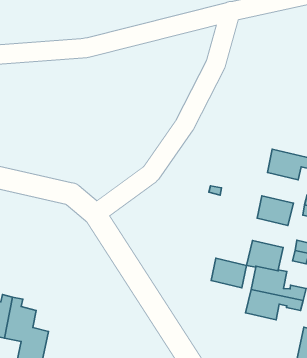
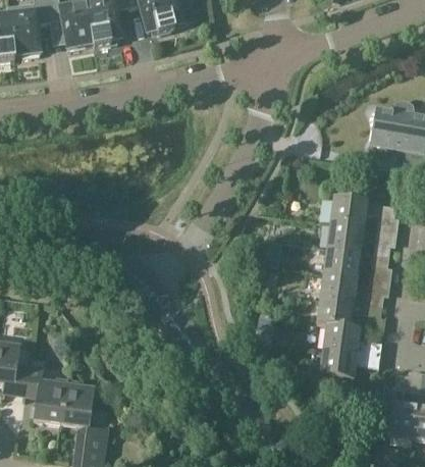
building: none -> [326,221,364,252]
building: [211,258,246,288] -> [320,271,357,301]

